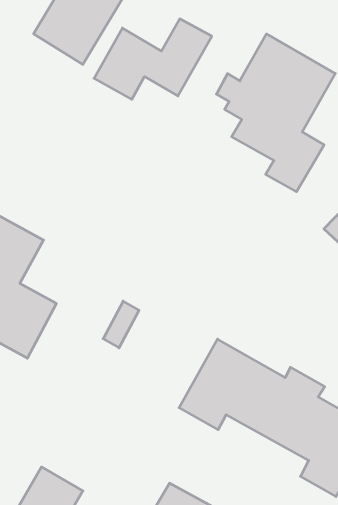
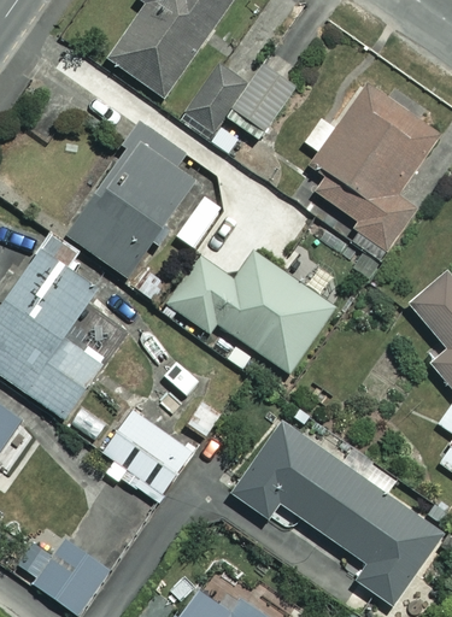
building: none -> [65,124,193,276]
building: none -> [166,253,334,372]
building: none -> [102,410,193,506]

